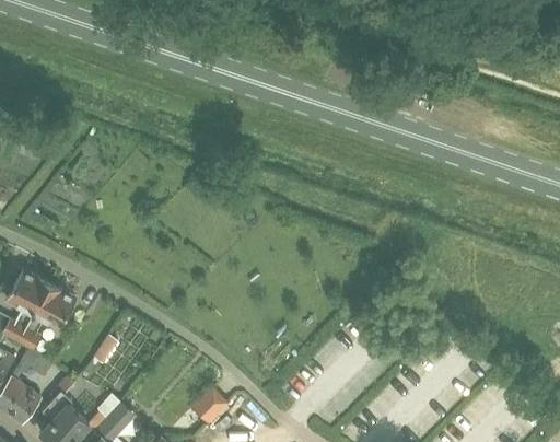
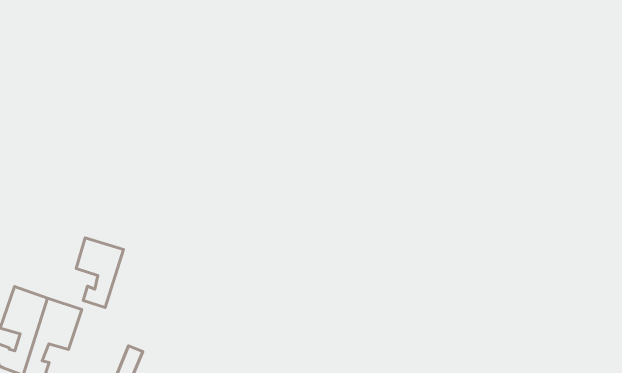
building: none -> [76,238,123,308]

